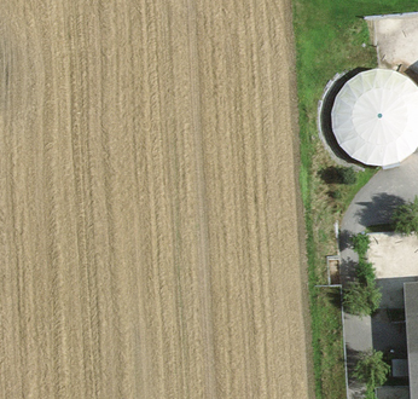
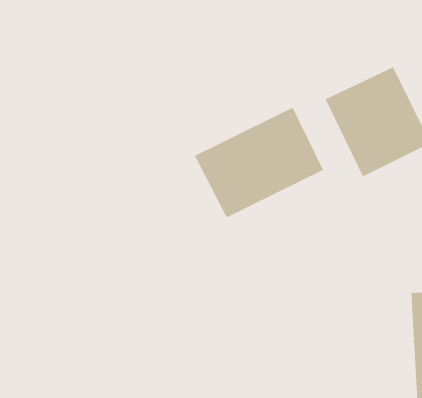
building: none -> [194,107,324,218]

